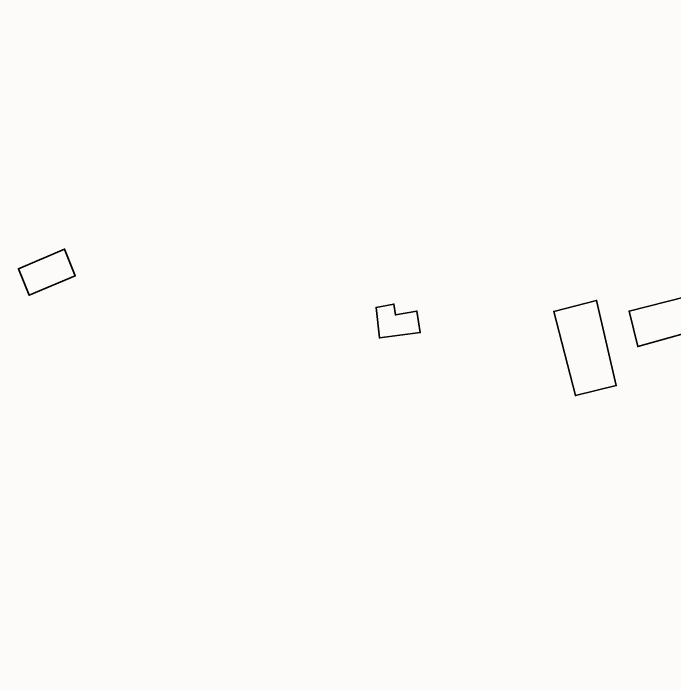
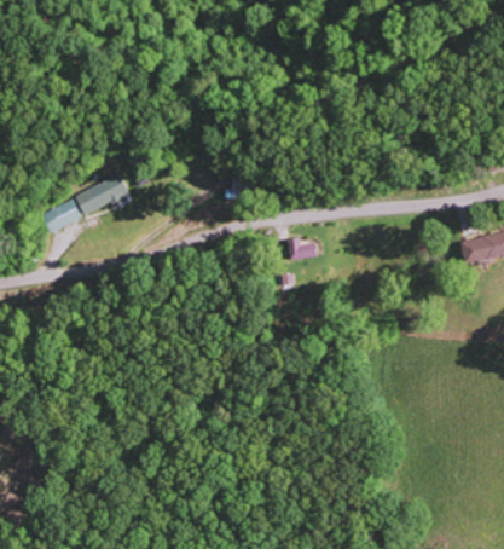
building: none -> [75,174,128,214]
building: [554,301,616,396] -> none

